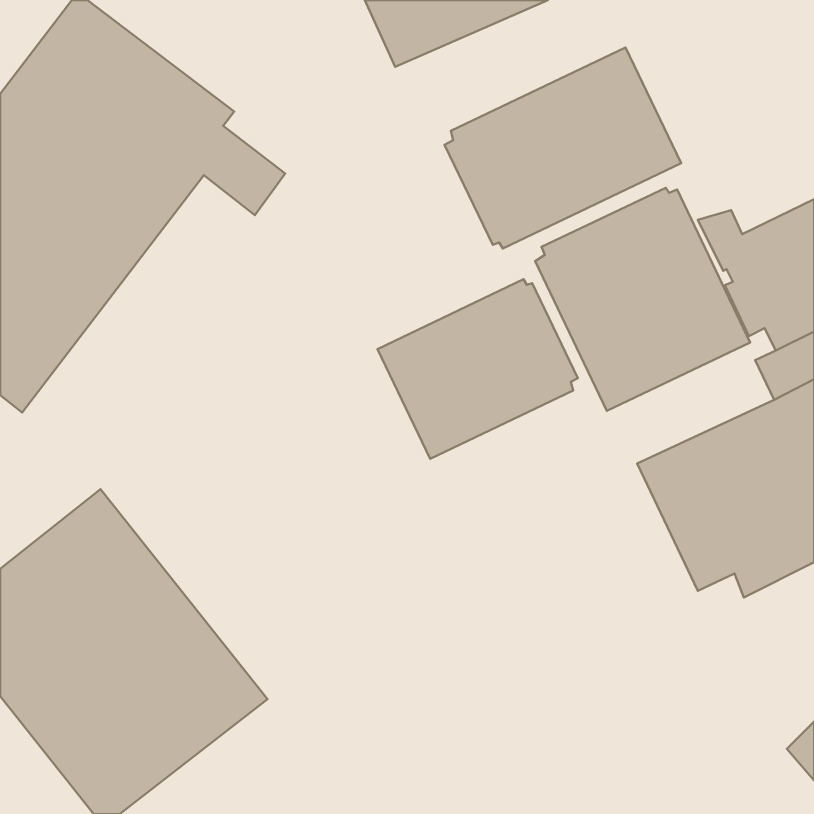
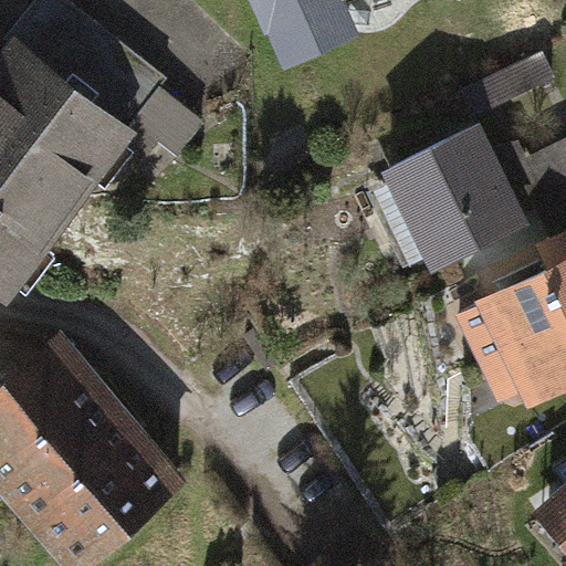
building: [444,47,681,248] -> none
building: [377,279,578,459] -> none

